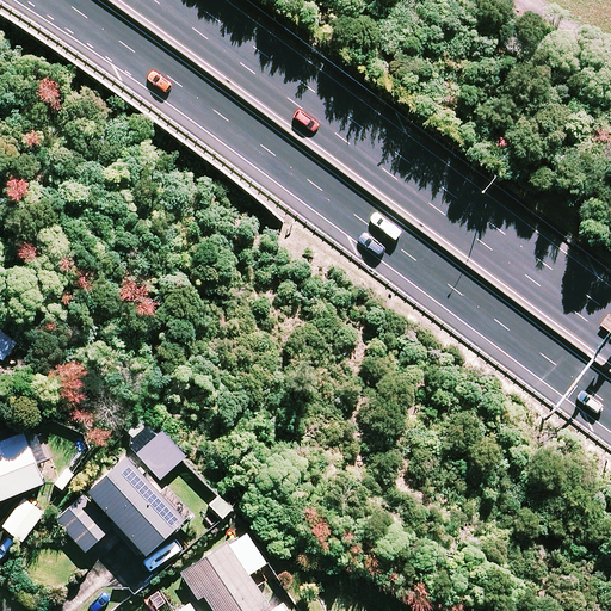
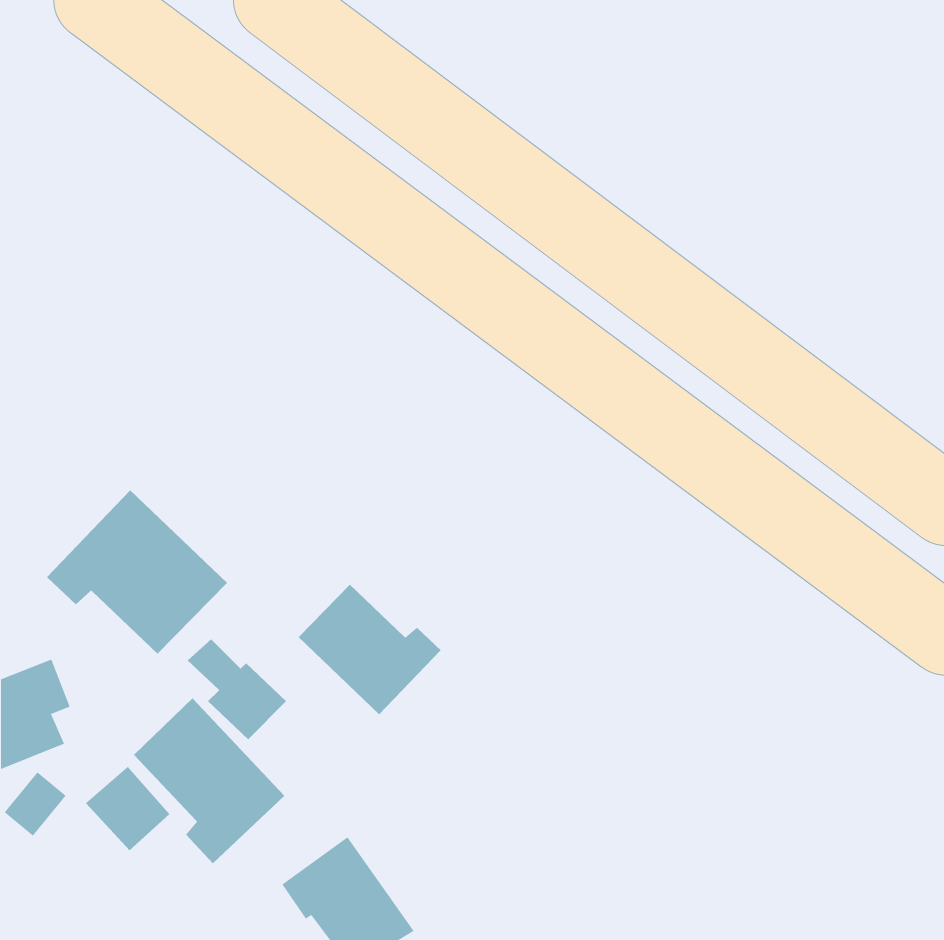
building: none -> [46,490,228,655]
building: none -> [298,584,441,715]

